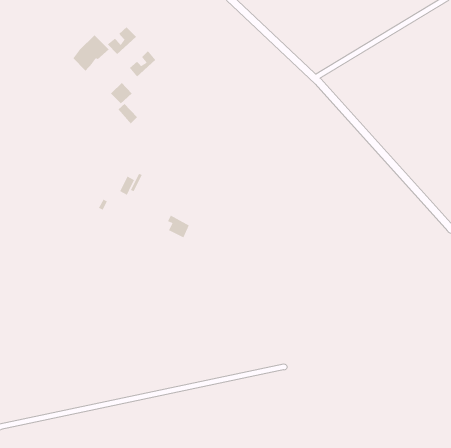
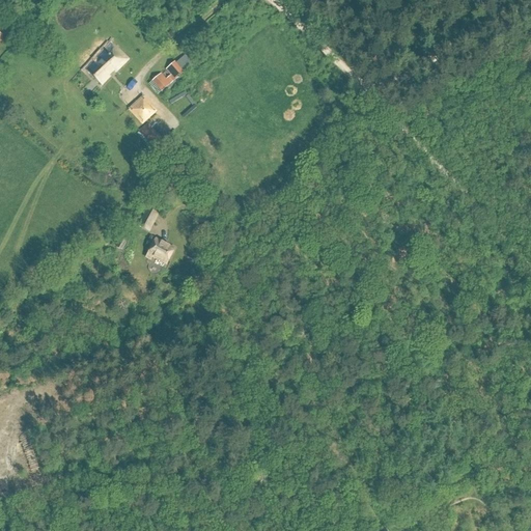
building: [107,26,137,55] -> none
building: [167,215,190,238] -> [146,234,173,262]

